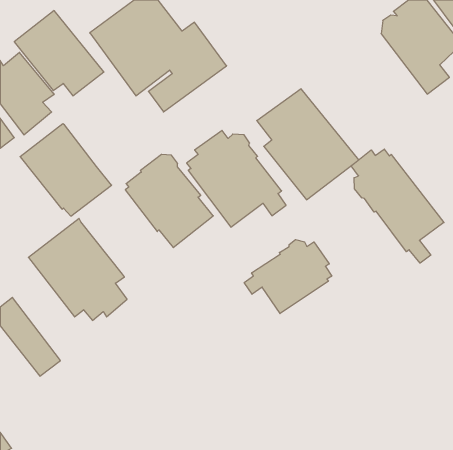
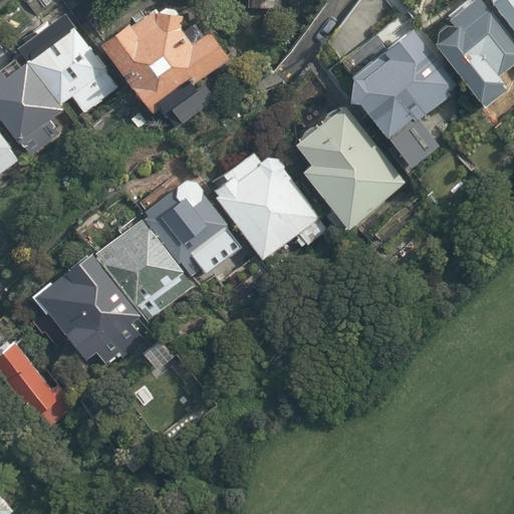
building: none -> [344,25,458,169]
building: [20,124,112,216] -> [92,218,196,322]
building: [351,149,444,263] -> none
building: [244,240,332,314] -> none

